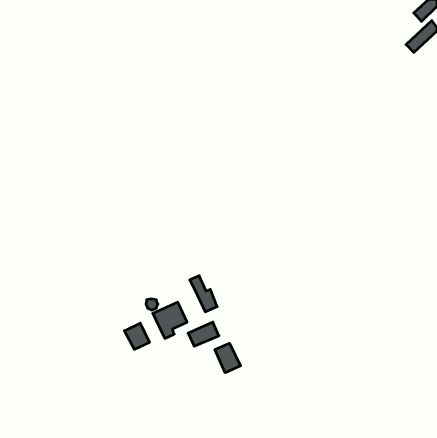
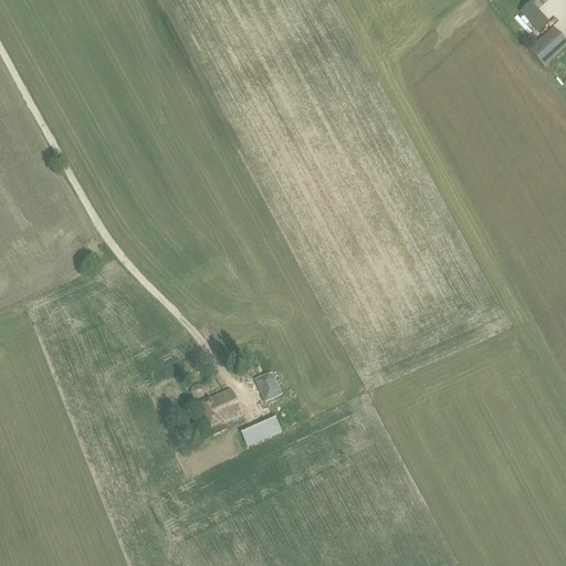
building: [124,323,149,349] -> none
building: [215,343,241,373] -> none

